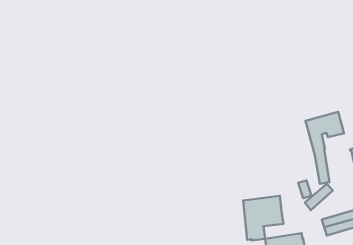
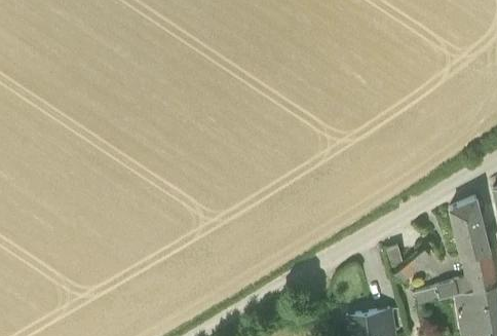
building: [305,112,344,184] -> none
building: [243,196,283,240] -> none

